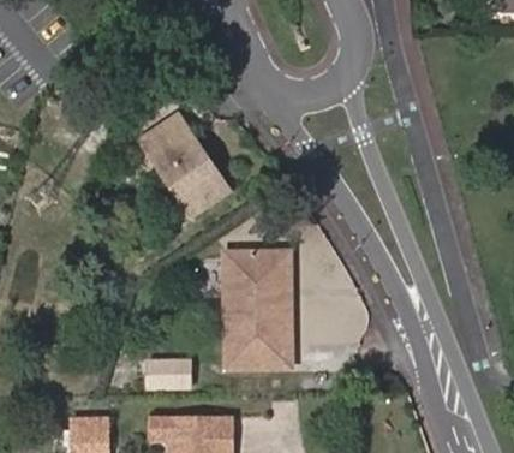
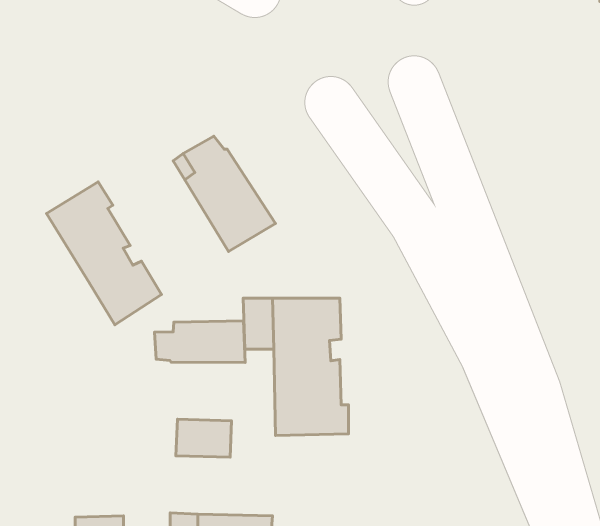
building: none -> [46,182,161,325]
building: none -> [155,321,245,362]

